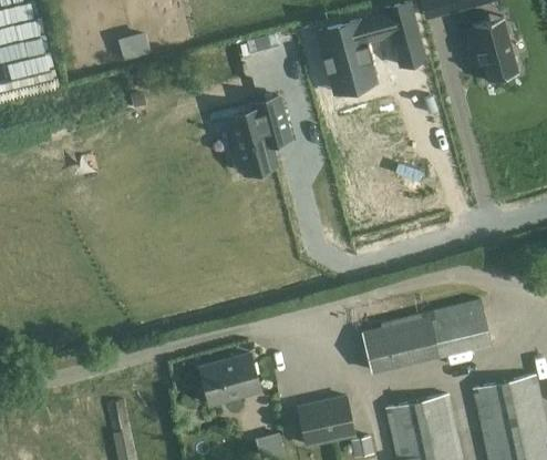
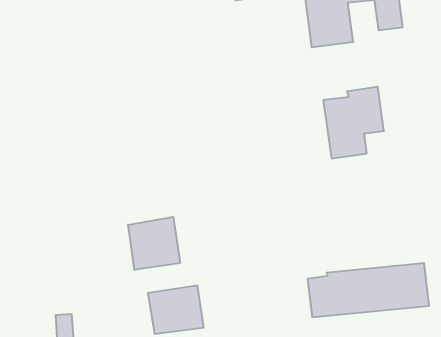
building: [227,95,293,175] -> [323,87,384,158]
building: none -> [128,217,180,270]

